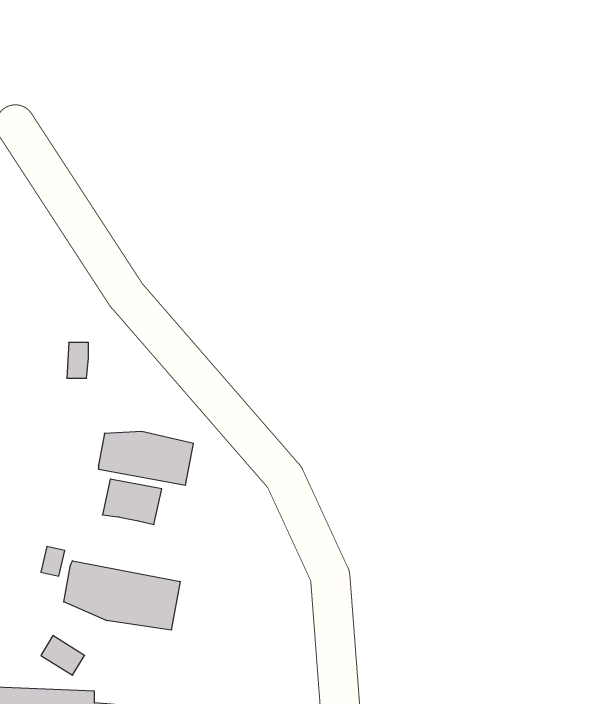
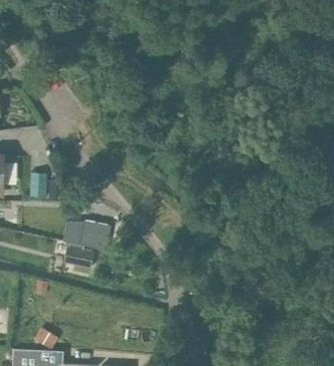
building: [64,561,180,630] -> none

